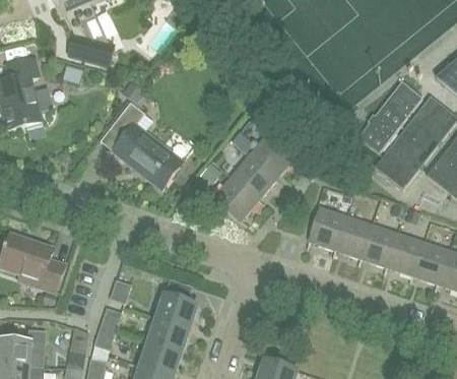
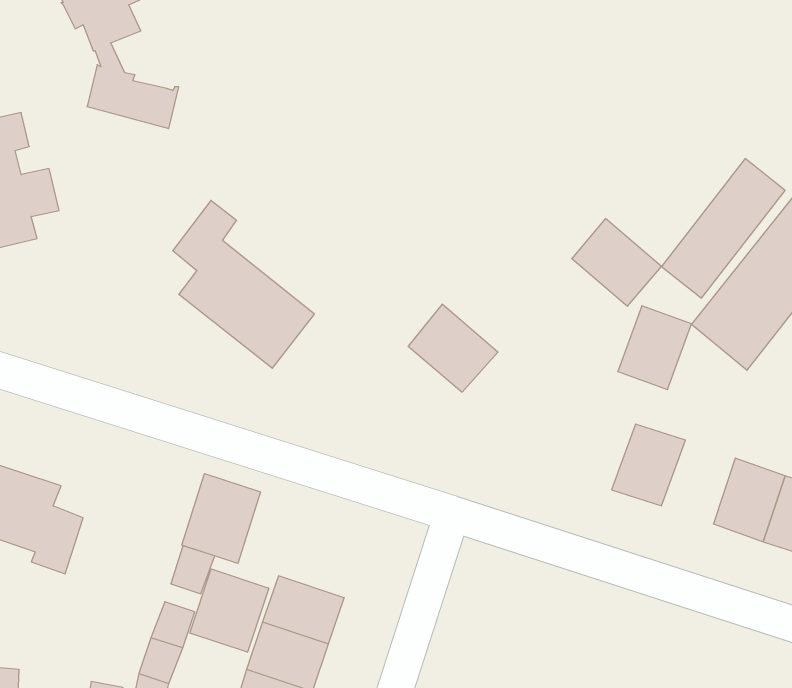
building: [247,135,292,180] -> [572,218,661,306]
building: [211,177,257,220] -> none
building: [308,207,345,250] -> [618,306,692,390]
building: [358,225,396,267] -> none
building: none -> [182,474,260,563]
building: none -> [190,569,269,652]

